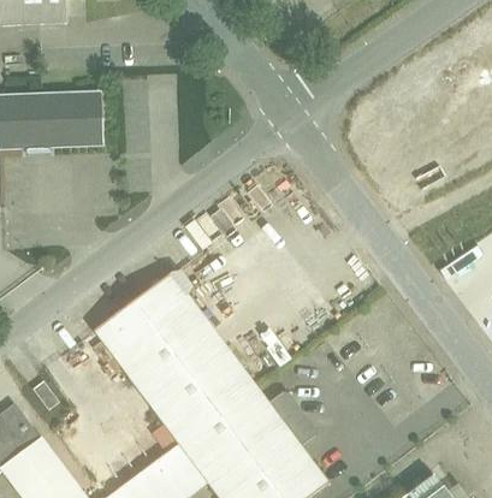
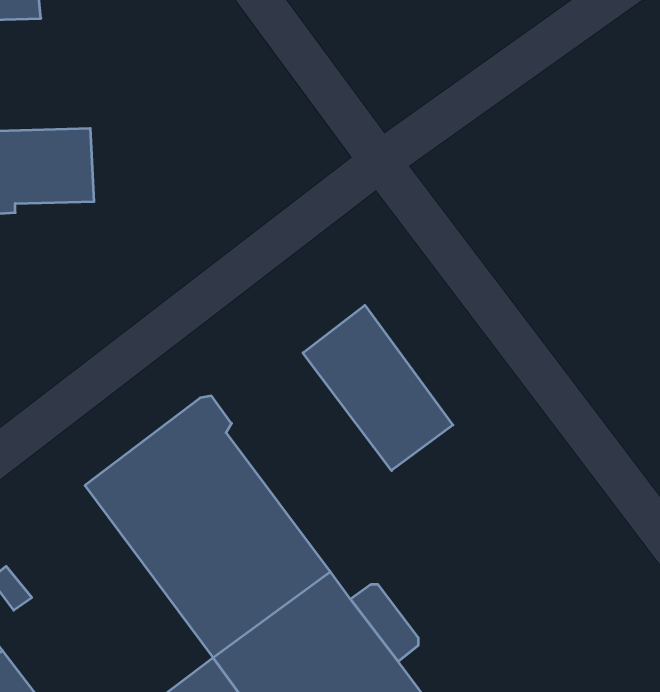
building: none -> [303,305,453,471]

